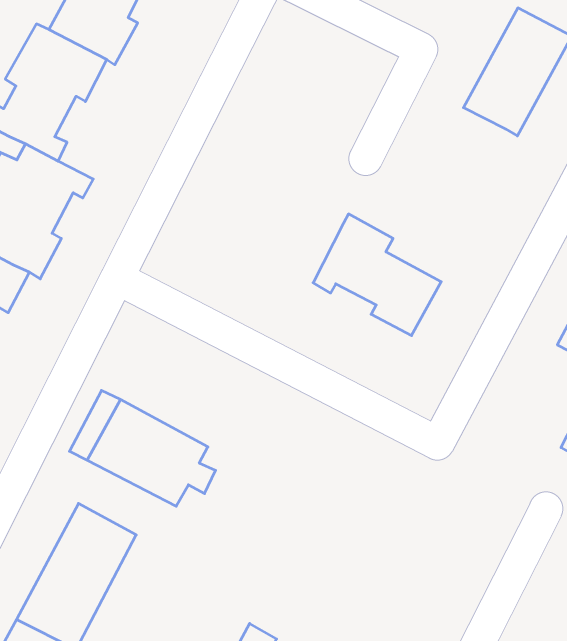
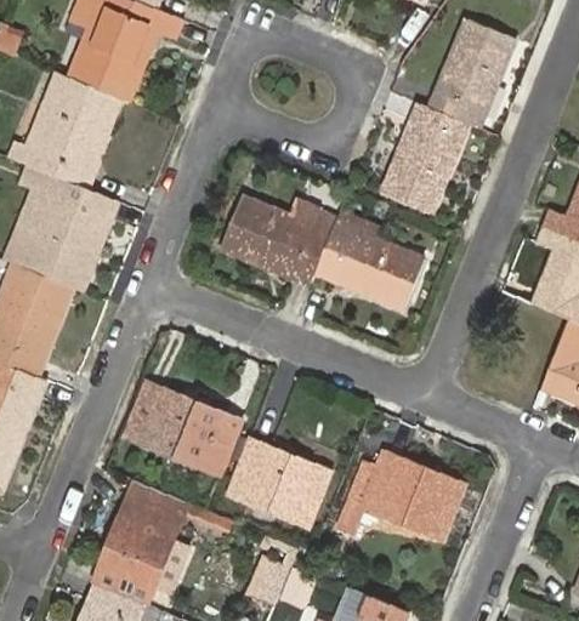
building: none -> [382,104,466,213]
building: none -> [218,195,336,285]
building: none -> [218,440,330,526]
building: none -> [335,455,462,539]

